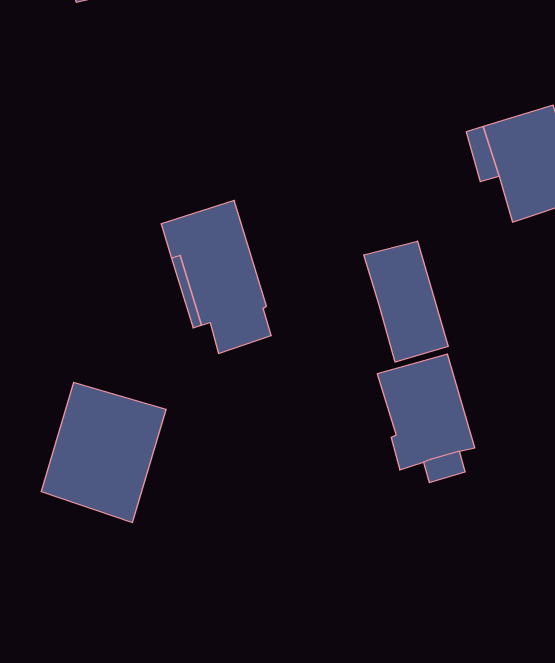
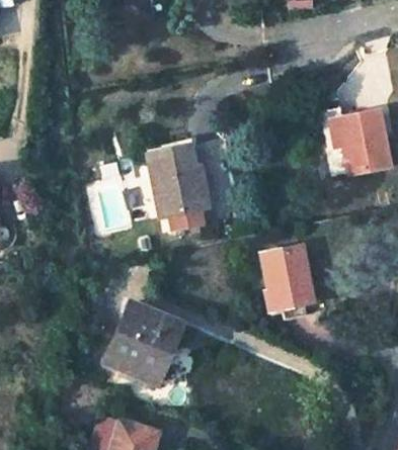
building: [364,241,448,362] -> none
building: [41,382,166,522] -> [106,300,183,384]

